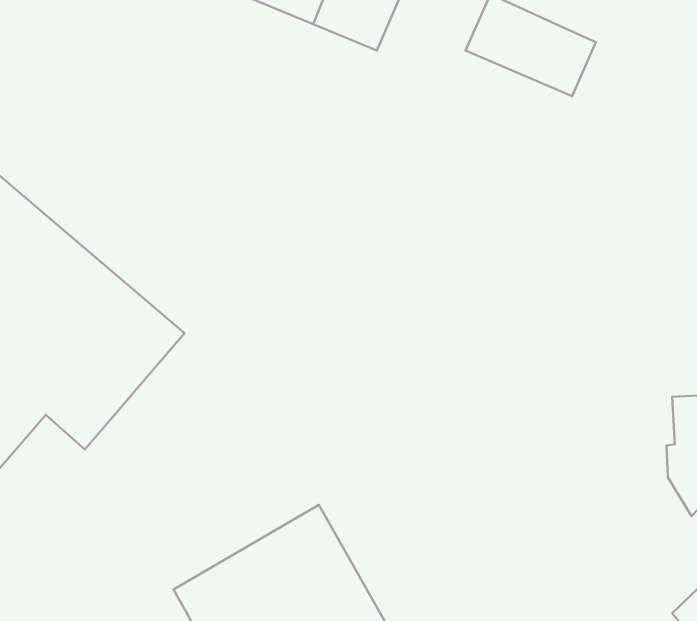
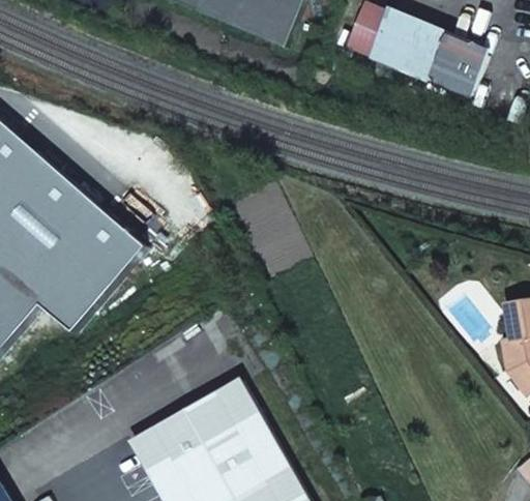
building: none -> [431,34,489,91]

